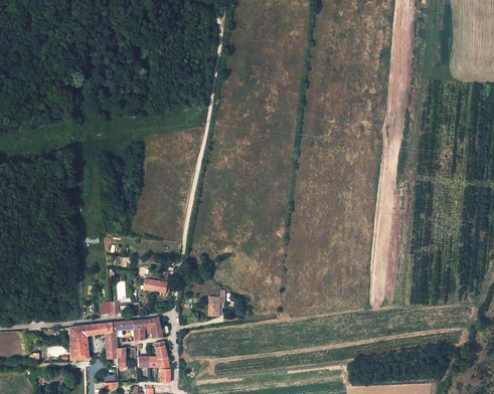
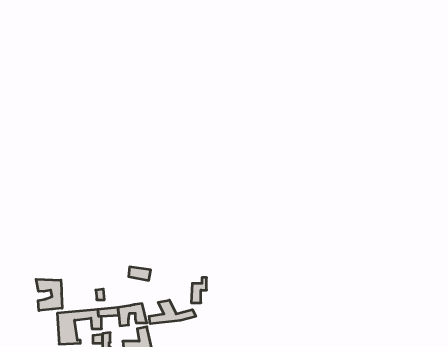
building: none -> [36,279,62,311]
building: none -> [149,300,196,324]

